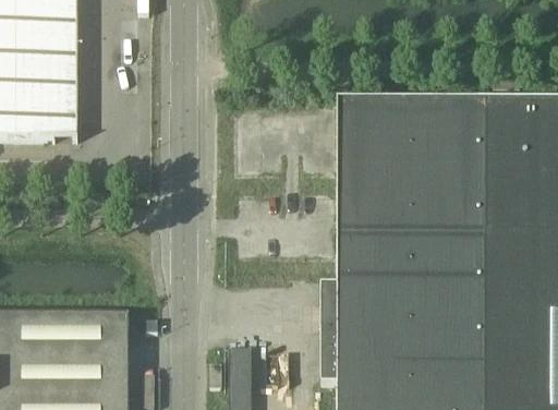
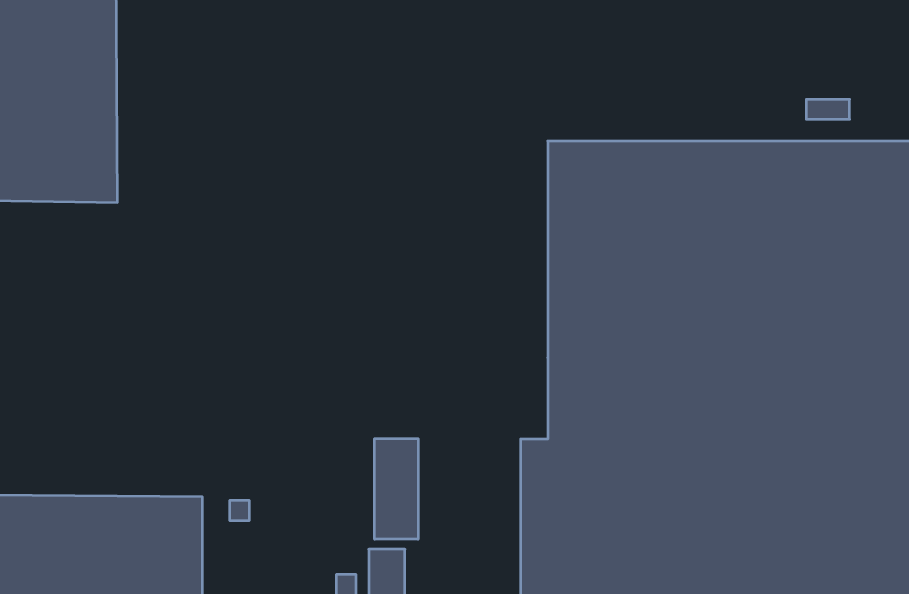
building: none -> [375,439,418,539]

